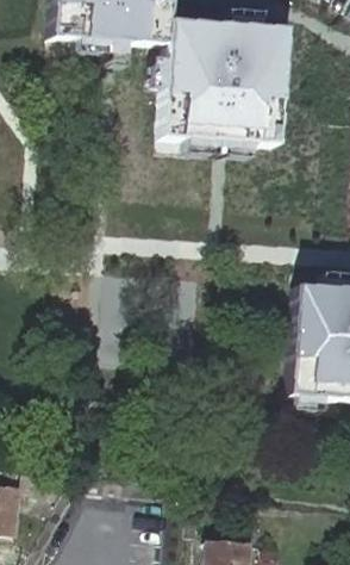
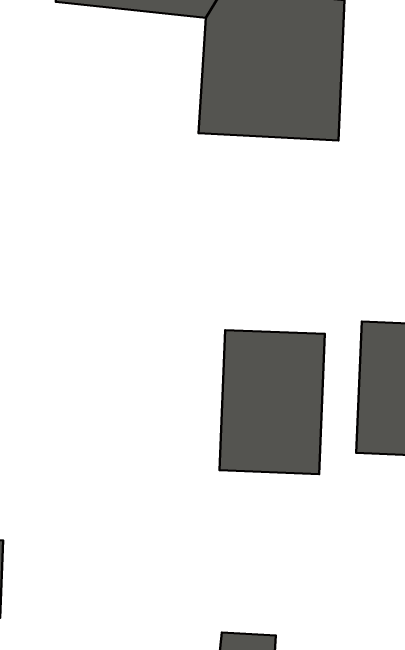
building: none -> [219,330,325,474]

